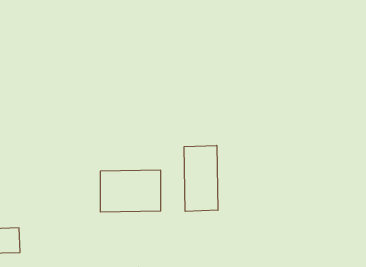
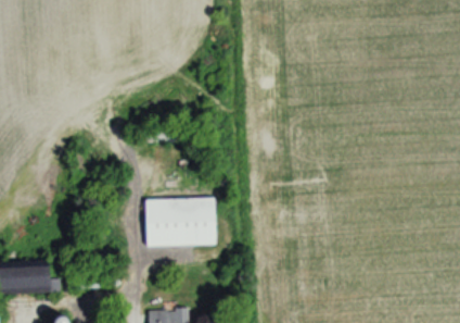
building: [184,145,218,211] -> none

